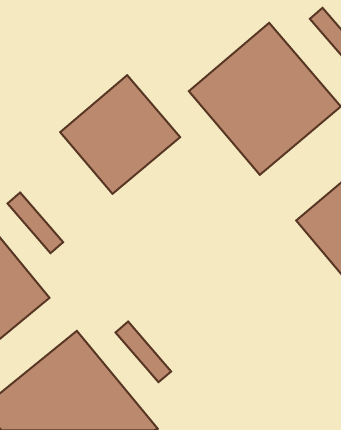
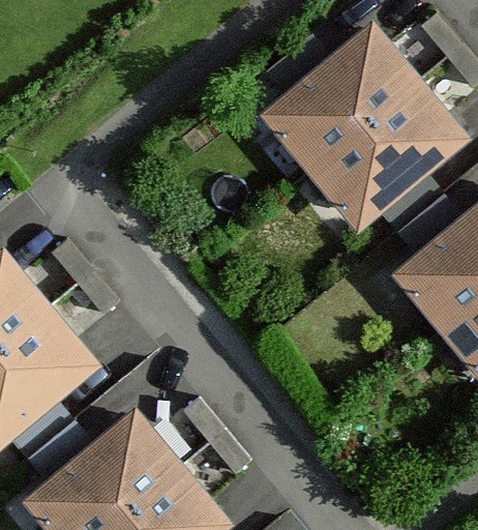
building: [60,75,180,194] -> none

